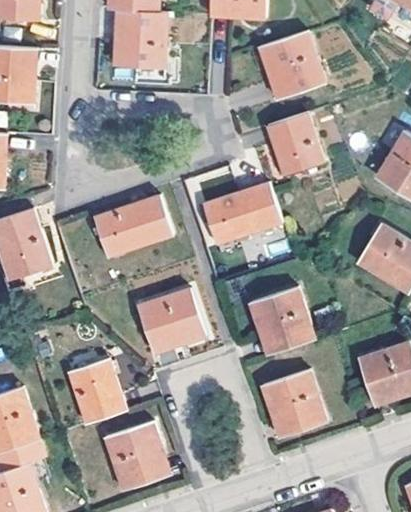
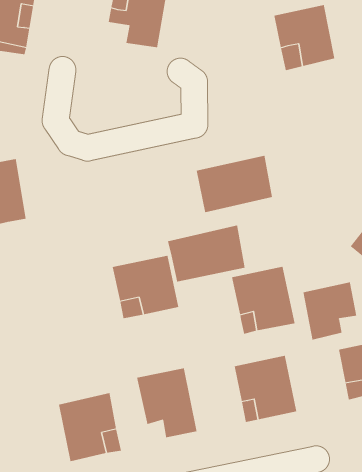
building: [269,113,325,175] -> none
building: [95,196,172,257] -> [167,225,246,282]
building: none -> [303,281,357,341]
building: [67,360,124,425] -> none
building: none -> [137,368,197,438]

